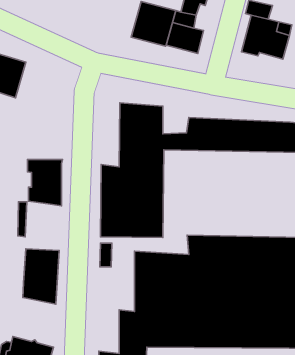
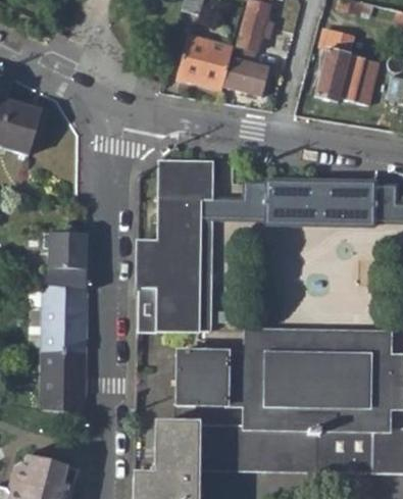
building: none -> [43,285,88,347]

